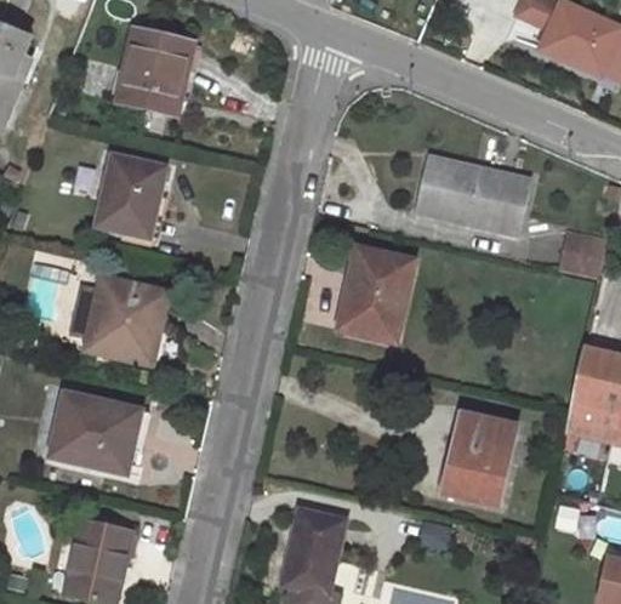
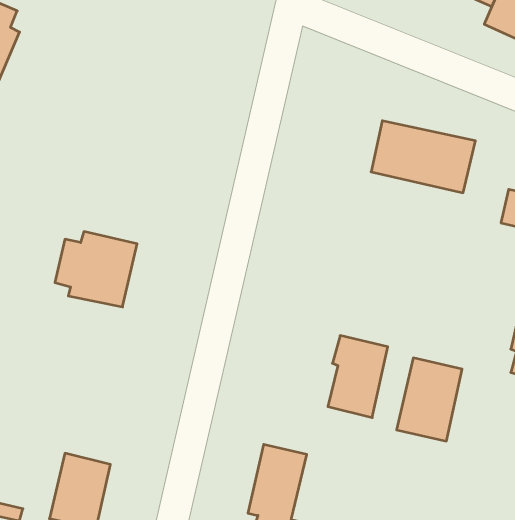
building: [119,29,194,113] -> none
building: [99,156,166,234] -> none
building: [346,251,411,341] -> [328,336,388,418]
building: [52,393,135,471] -> none

